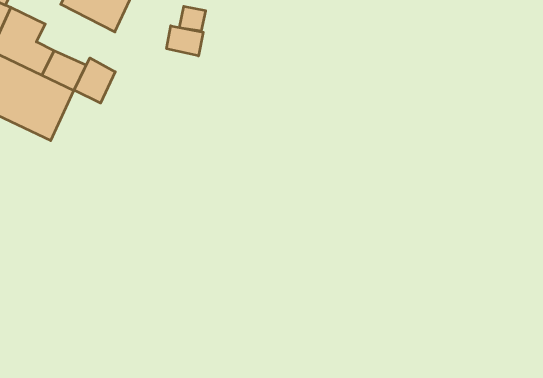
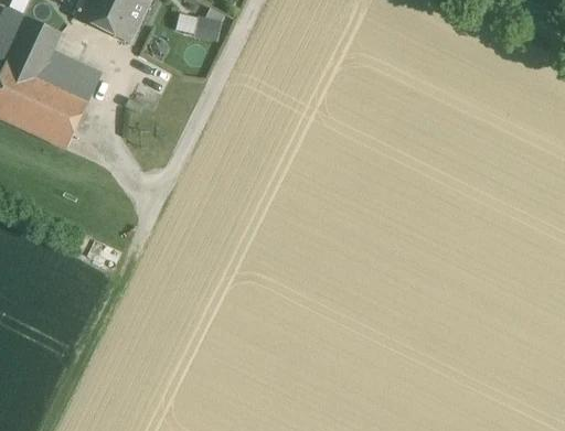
building: [167,26,203,56] -> none
building: [74,58,115,103] -> none

